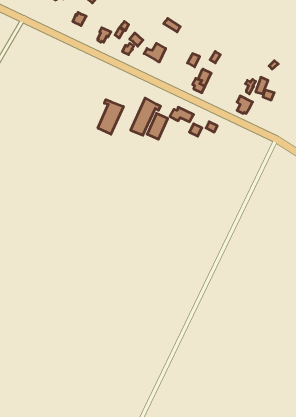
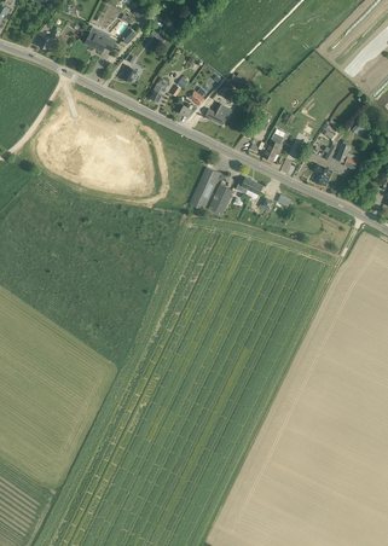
building: [98,100,123,134] -> none

